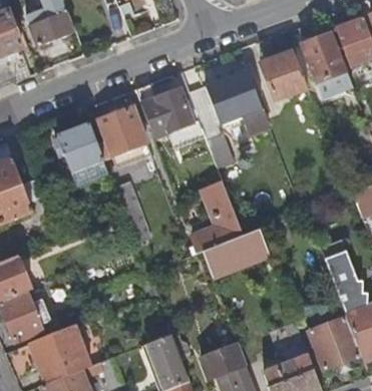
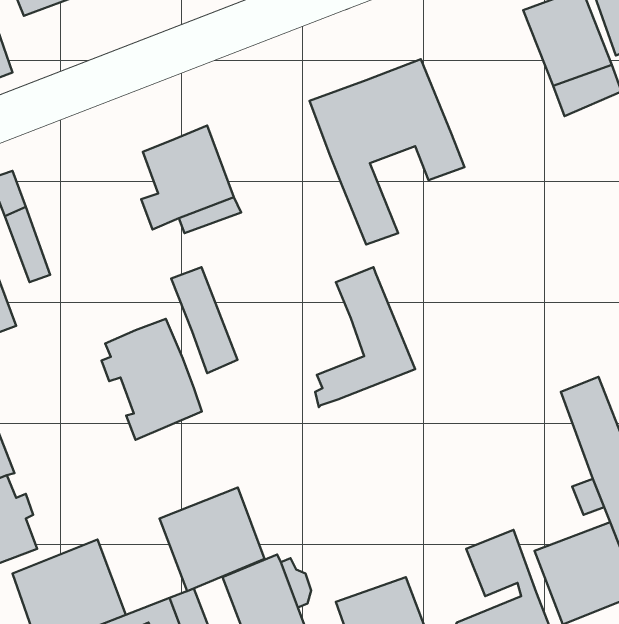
building: [261,49,308,100] -> none
building: [142,87,205,146] -> none
building: [55,122,108,186] -> [102,319,202,440]
building: [203,228,270,275] -> none
building: none -> [160,488,265,591]

